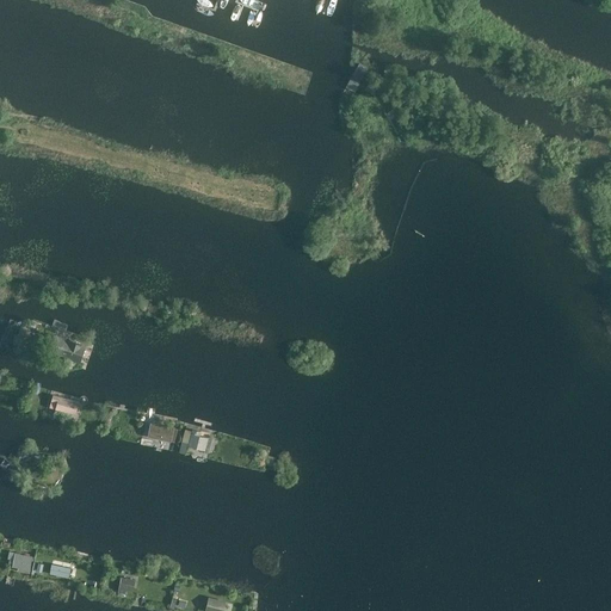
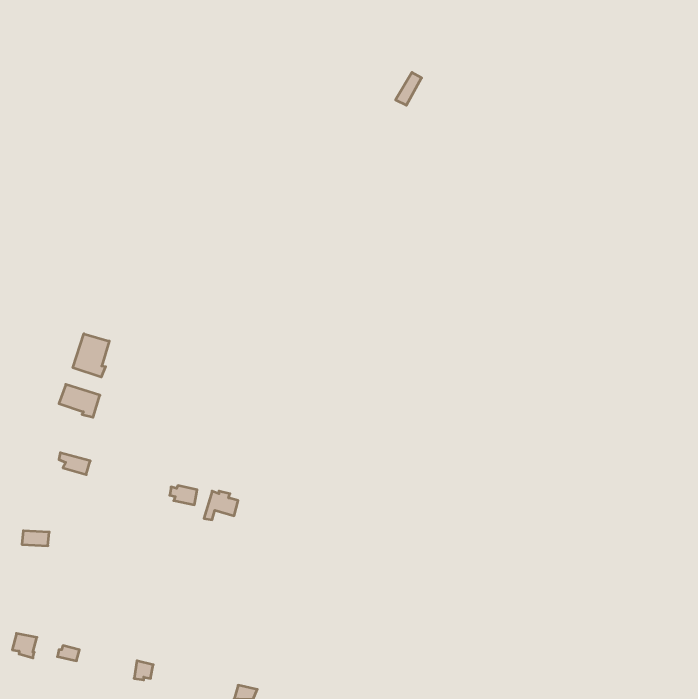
building: none -> [73,334,109,377]

